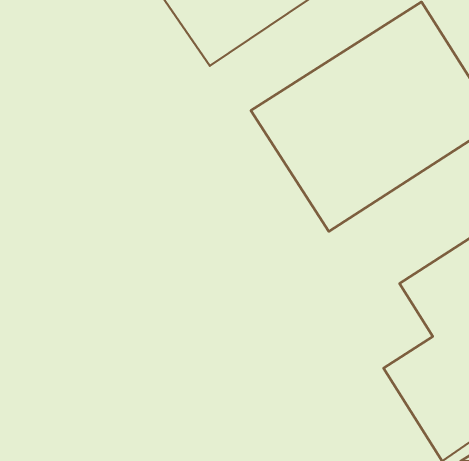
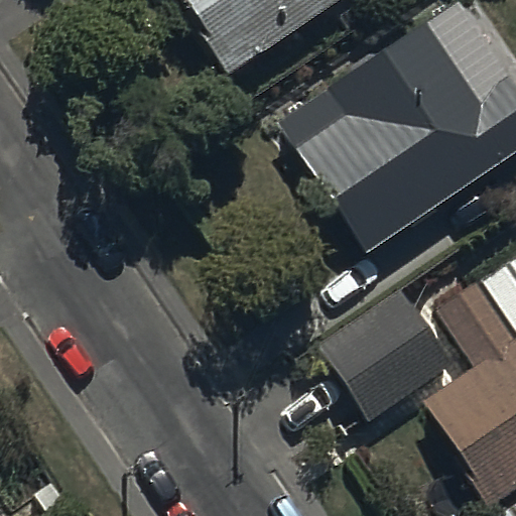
building: none -> [320,283,453,414]

